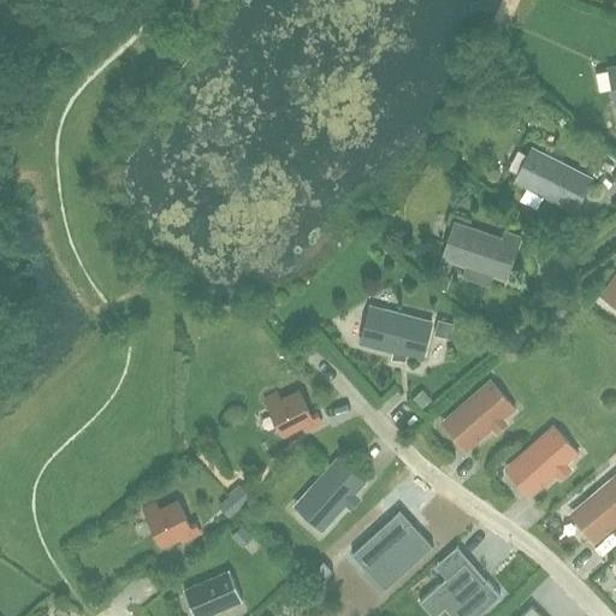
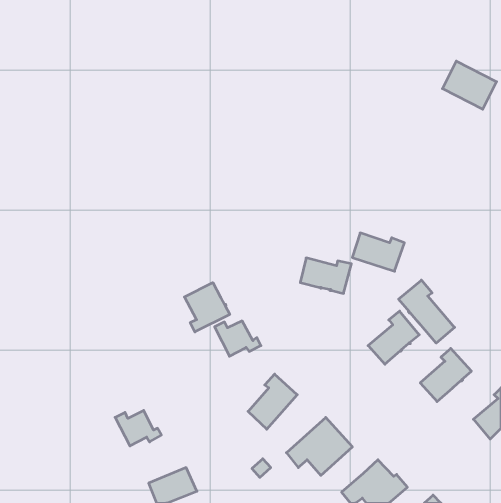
building: [522,152,588,211] -> [442,61,497,109]
building: [451,232,515,279] -> [352,233,404,271]
building: none -> [399,280,455,343]
building: none -> [184,283,230,332]

